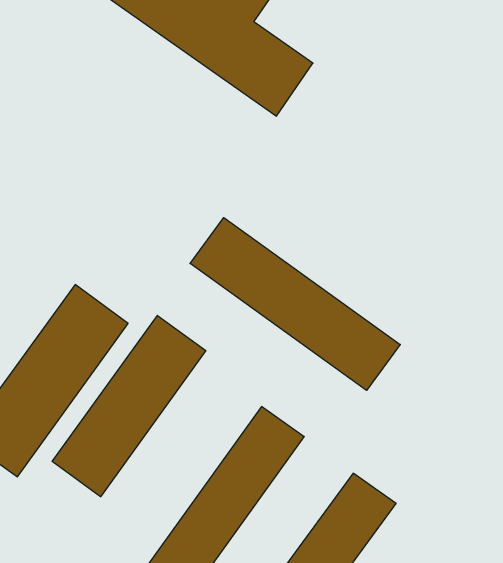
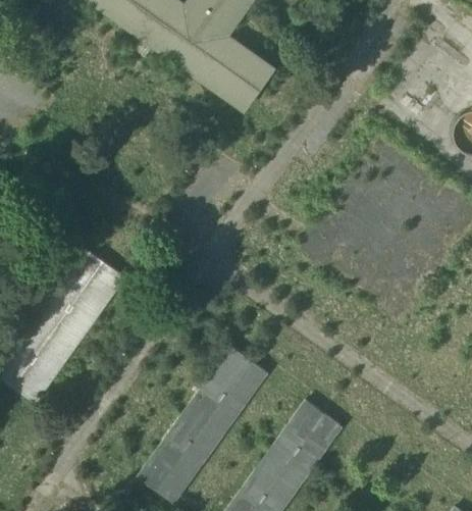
building: [190,218,400,390] -> none
building: [52,315,206,497] -> none

